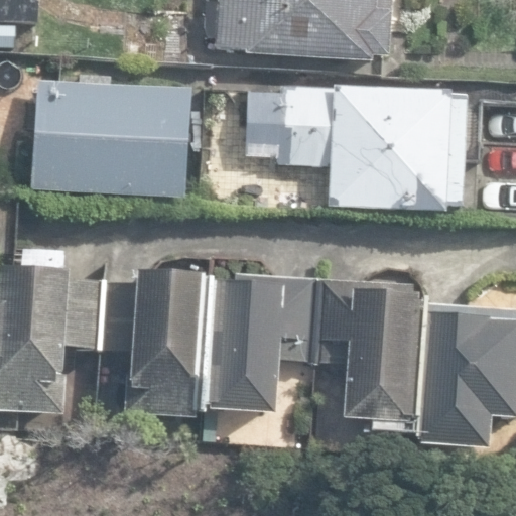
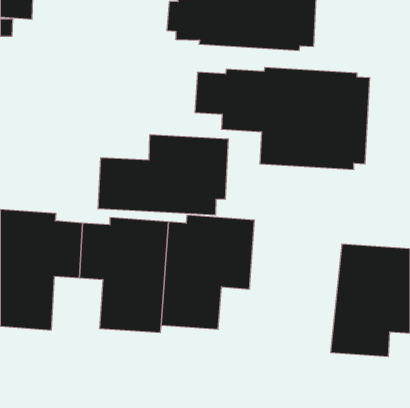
building: [31,81,189,197] -> none
building: none -> [98,135,228,215]
building: [313,276,430,422] -> none

